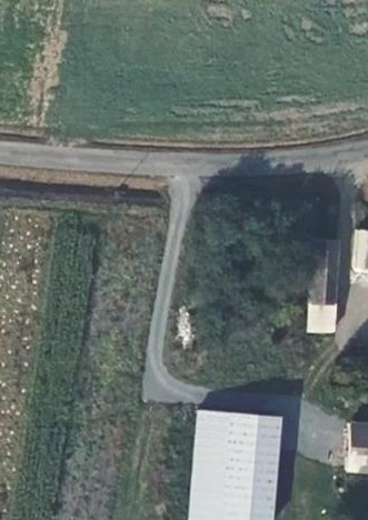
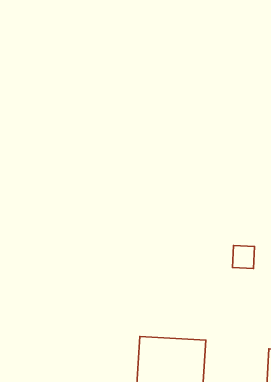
building: [309,246,337,310] -> none

